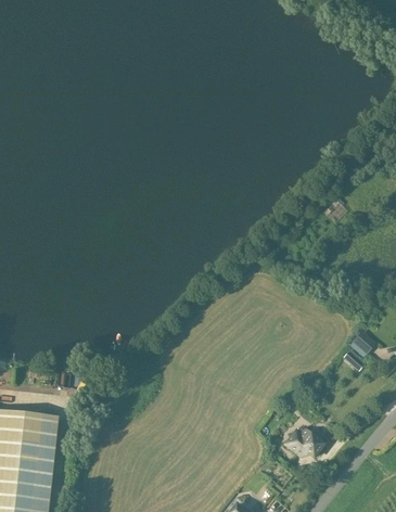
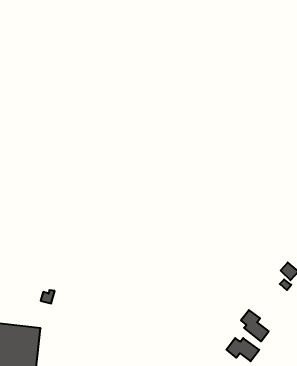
building: none -> [241,310,269,341]

